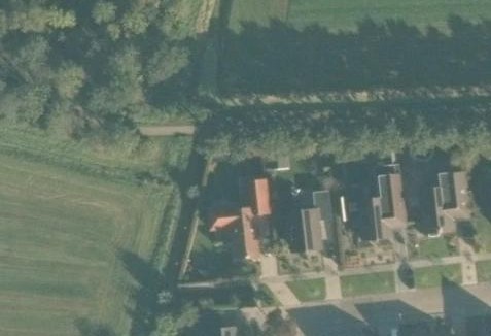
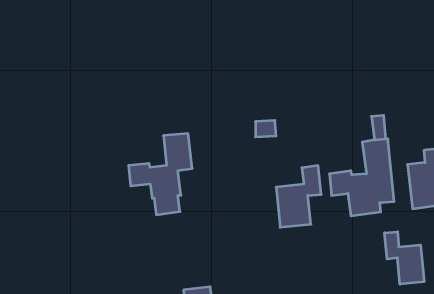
building: [209,178,273,260] -> [129,134,192,215]
building: none -> [385,232,424,284]

